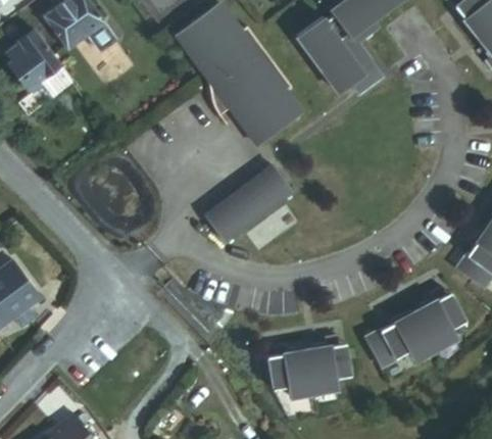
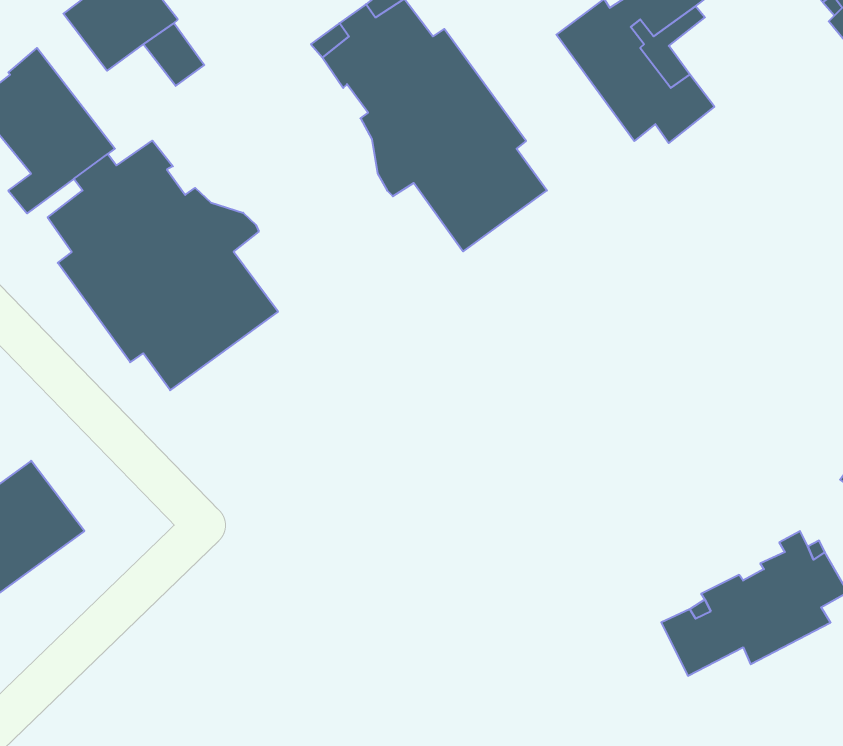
building: none -> [48,141,278,390]
building: [219,158,306,234] -> none
building: [266,338,349,402] -> none

